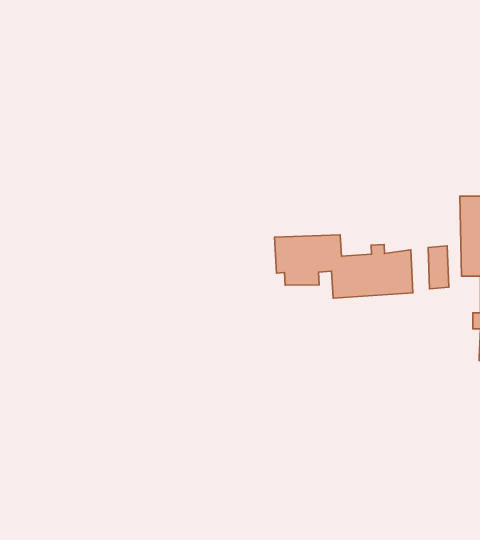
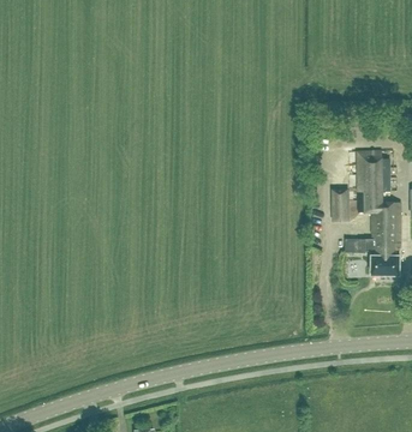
building: [275,235,413,298] -> none

